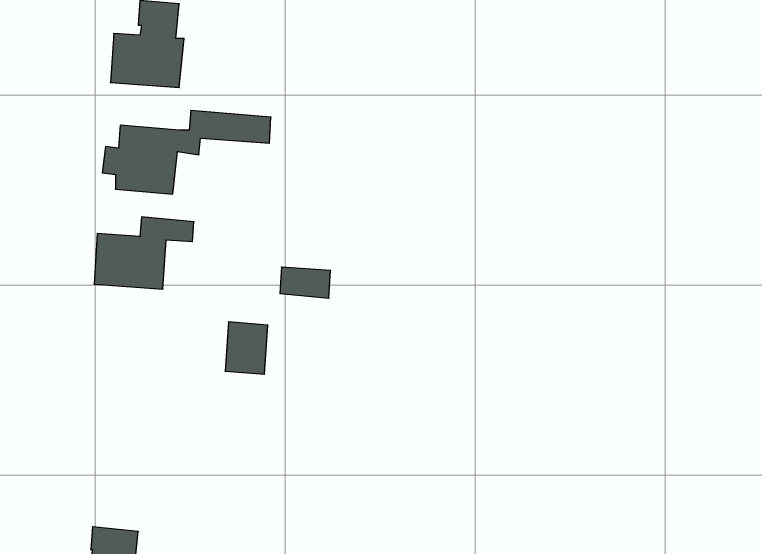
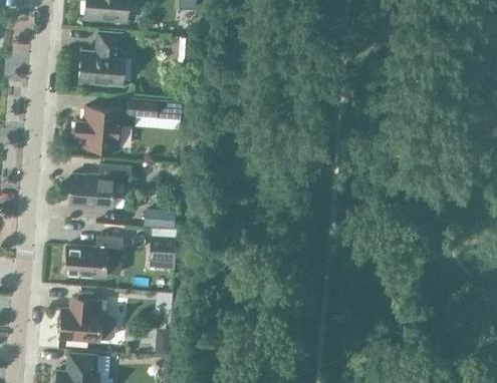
building: [280,267,331,298] -> [145,209,176,228]
building: none -> [65,236,123,277]
building: none -> [59,298,116,341]

